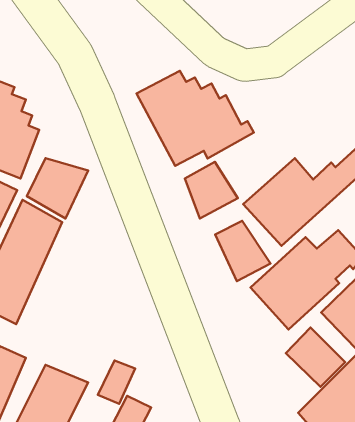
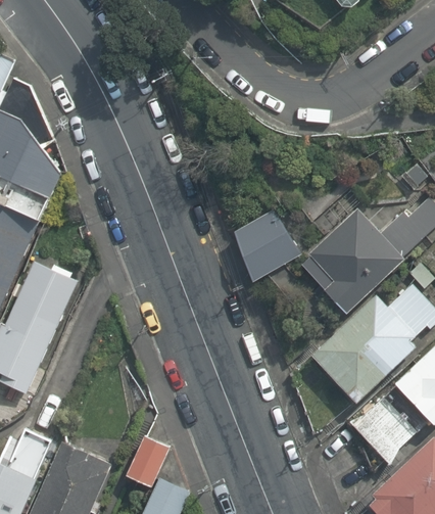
building: [137,71,254,166] -> none
building: [27,158,88,219] -> none
building: [215,221,270,281] -> none

